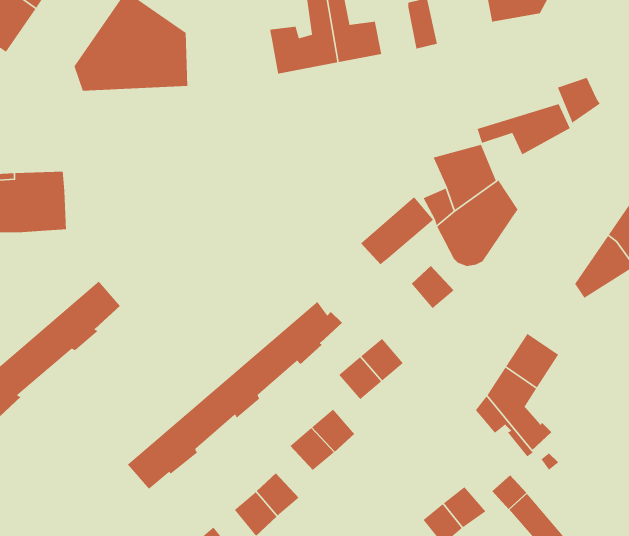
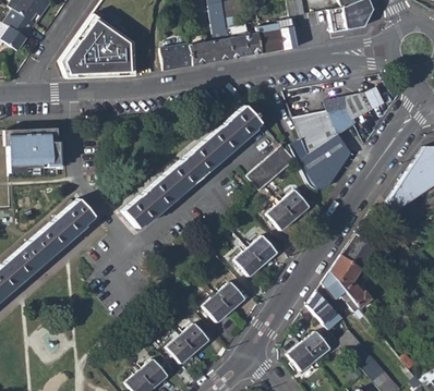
building: none -> [256,23,284,53]
building: none -> [161,42,194,71]
building: [557,77,601,124] -> [326,105,354,135]
building: none -> [266,201,294,231]
building: [127,301,343,490] -> [123,106,263,228]
building: none -> [306,290,341,330]

